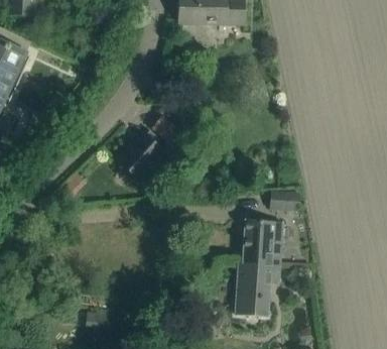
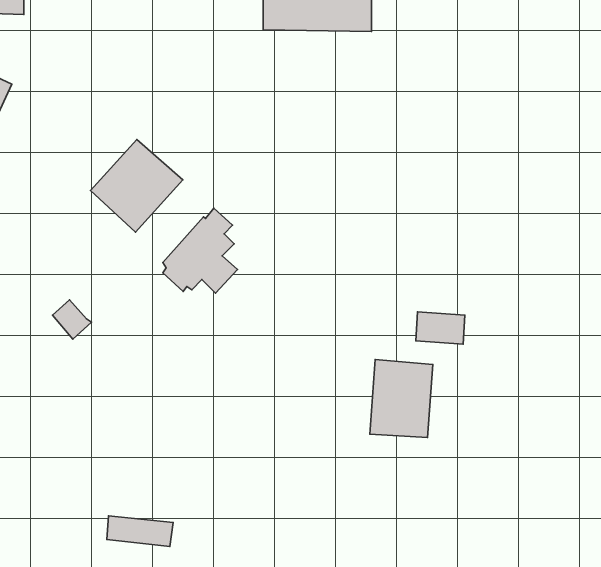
building: none -> [90,139,183,232]
building: [236,262,276,314] -> none

